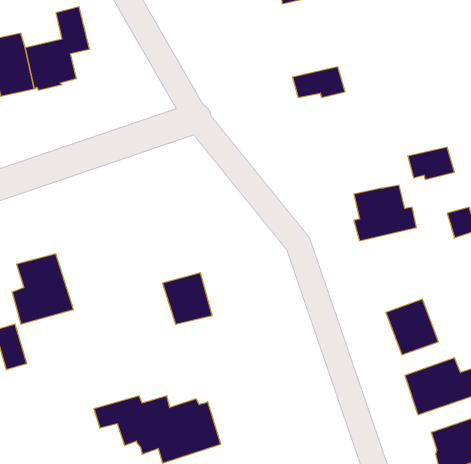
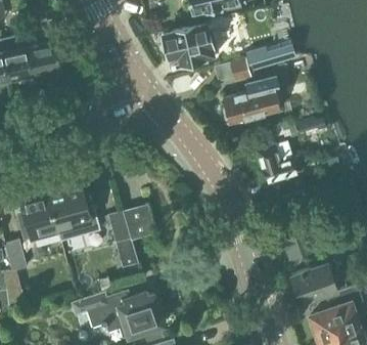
building: none -> [163,25,219,67]
building: none -> [247,42,296,75]
building: none -> [222,84,280,125]
building: none -> [48,182,98,230]
building: none -> [107,212,138,268]

